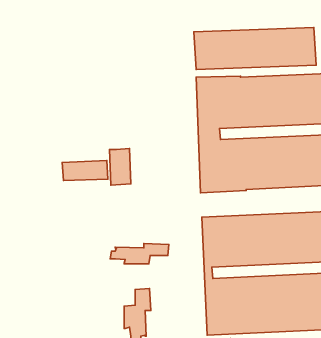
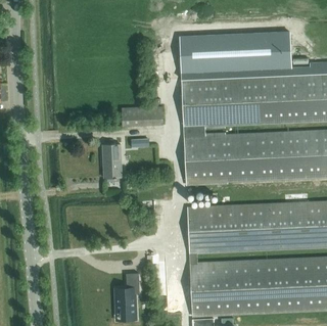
building: [62,160,108,180] -> [121,105,162,124]
building: [110,244,169,264] -> none

